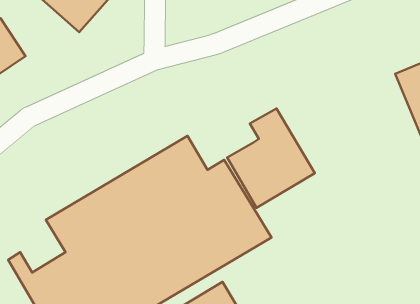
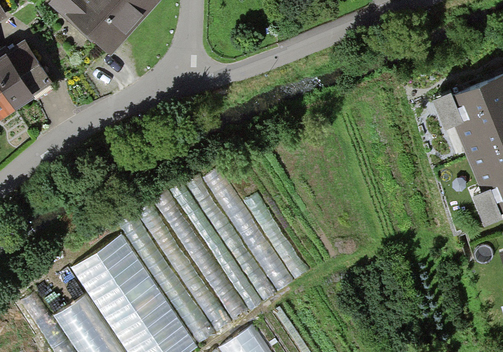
building: [227,109,315,208] -> none

